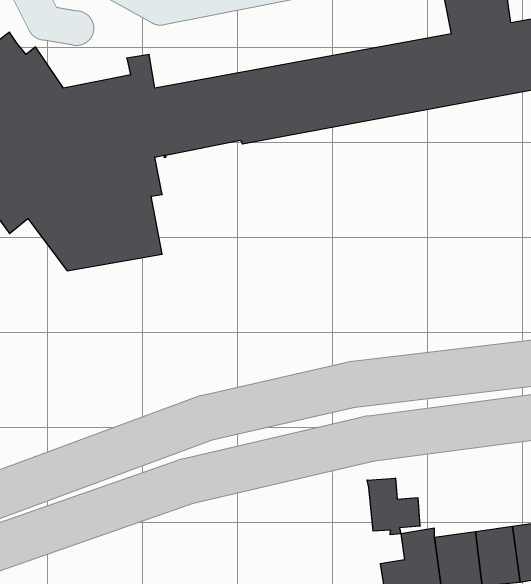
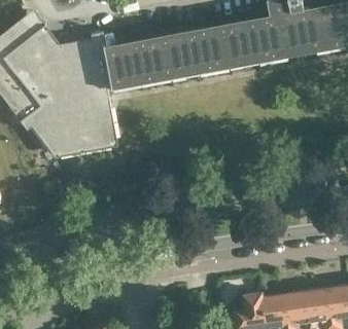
building: [367,478,420,535] -> none

